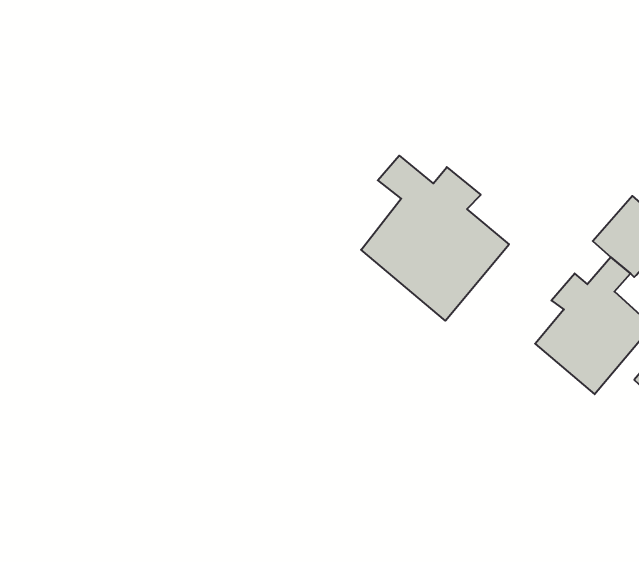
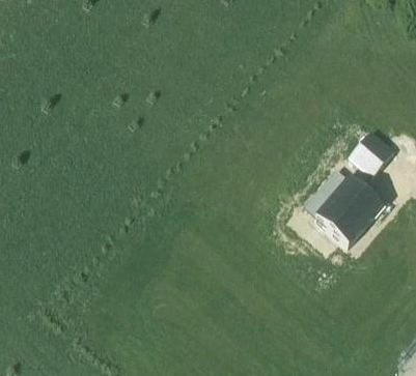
building: [361,156,509,321] -> none

